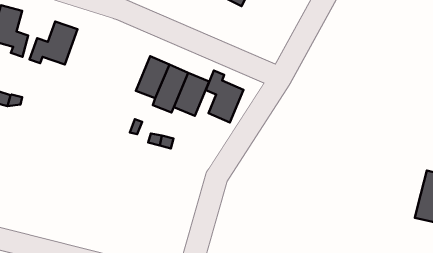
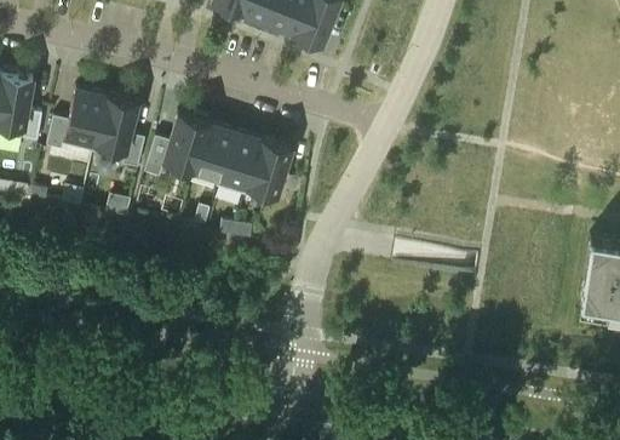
building: none -> [94,98,144,166]
building: none -> [144,116,206,172]
building: [206,70,244,122] -> none

